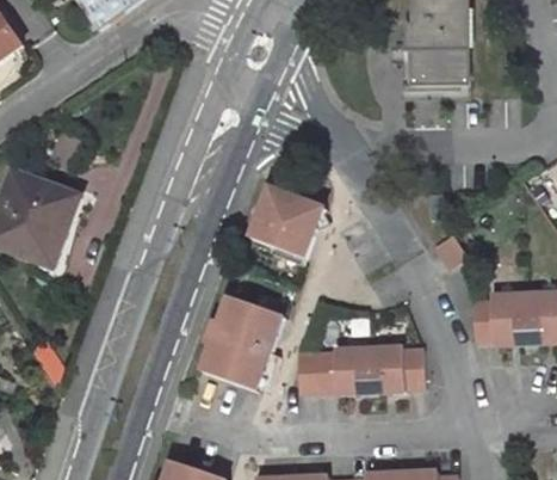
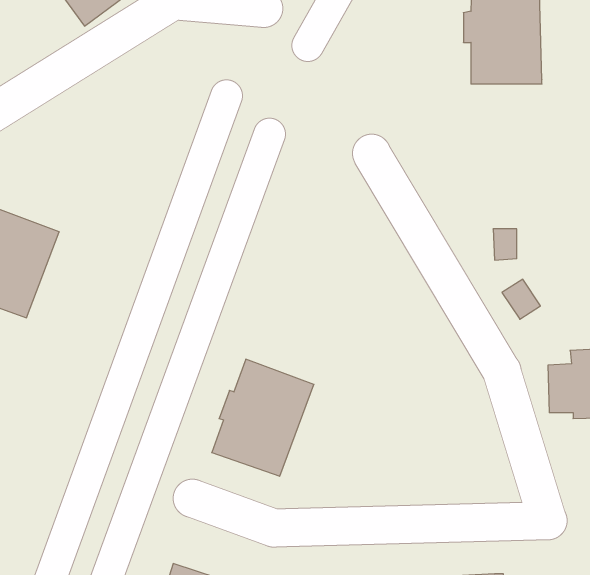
building: [250,187,323,259] -> none
building: [296,346,425,393] -> none

